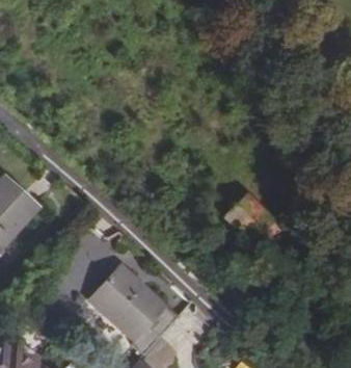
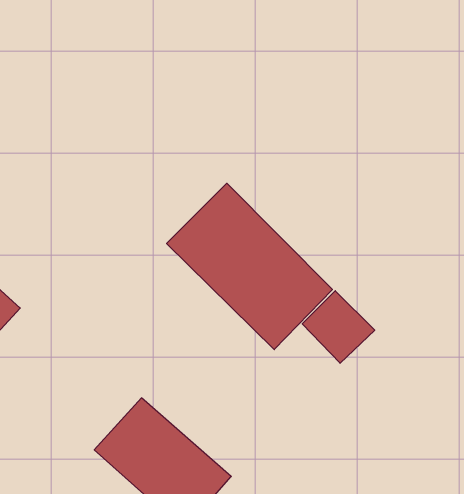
building: none -> [167,183,332,350]

